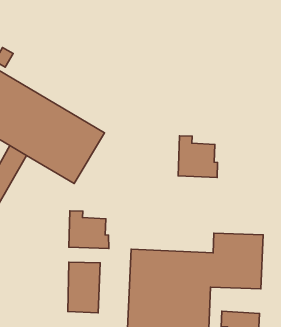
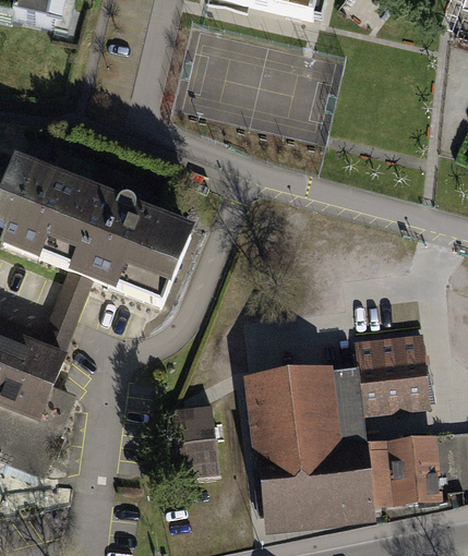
building: [178,136,217,177] -> none
building: [69,211,109,249] -> none

